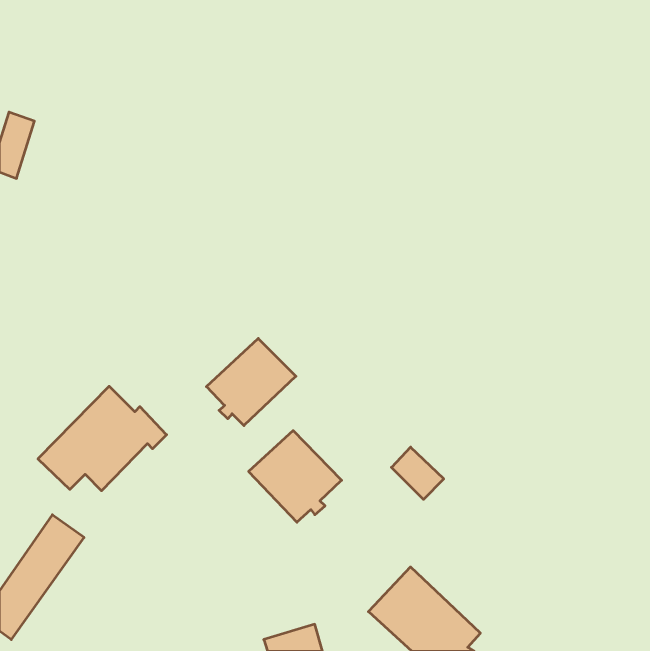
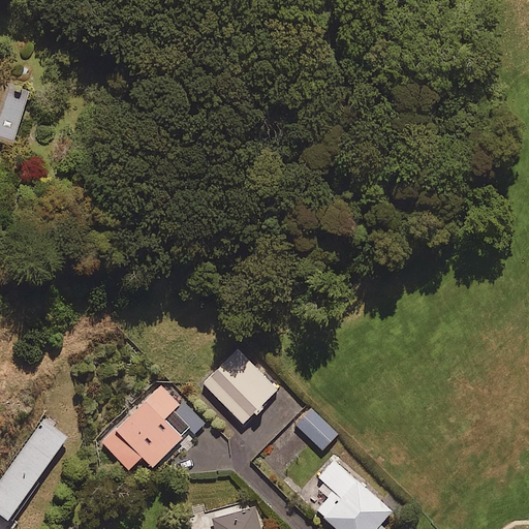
building: [206,338,296,426] -> none
building: [38,386,167,491] -> [101,383,206,468]
building: [391,447,444,499] -> [294,408,337,450]

